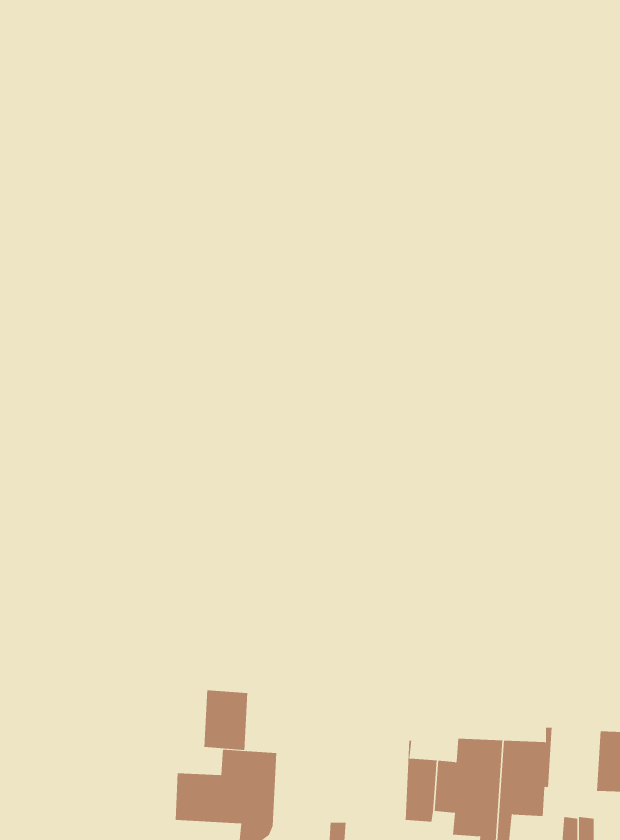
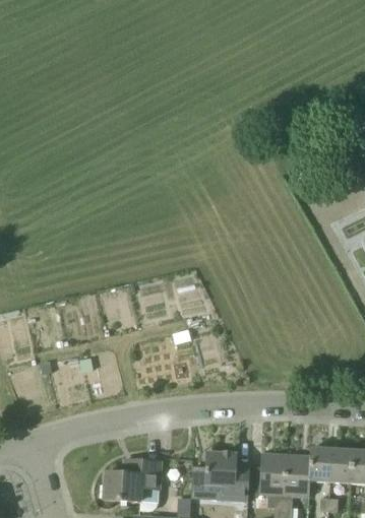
building: [204,690,248,751] -> none
building: none -> [312,447,341,482]
building: none -> [205,452,234,499]

